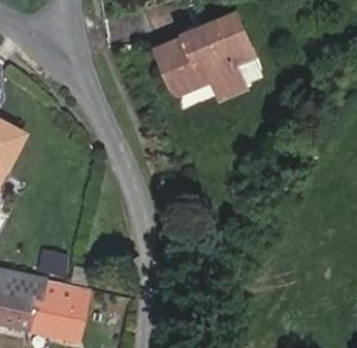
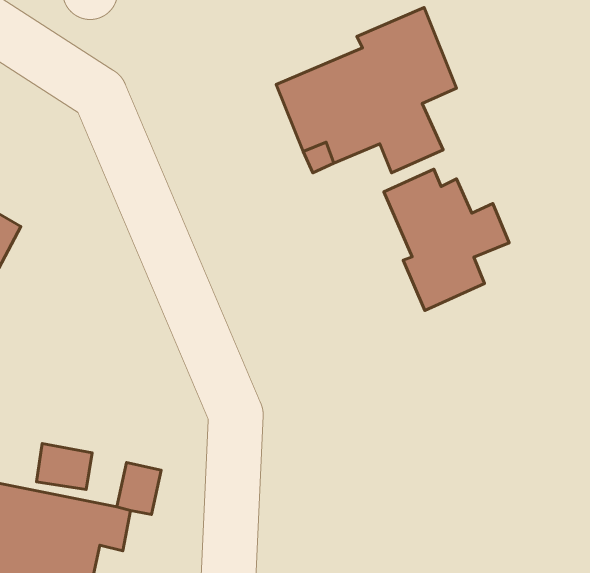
building: none -> [384,169,509,311]

